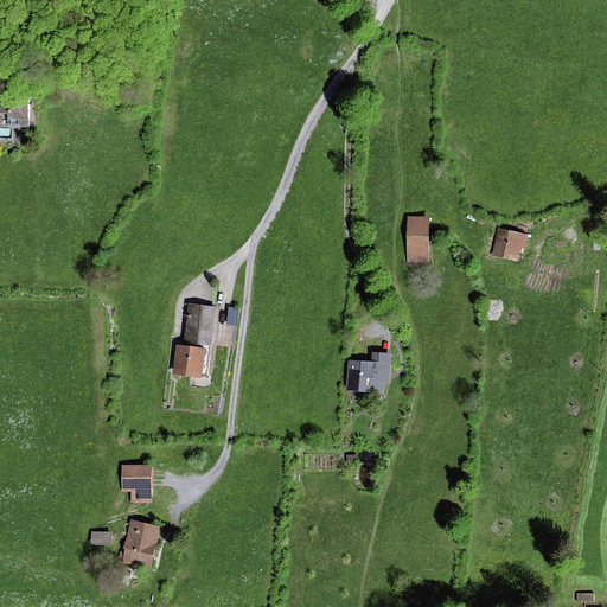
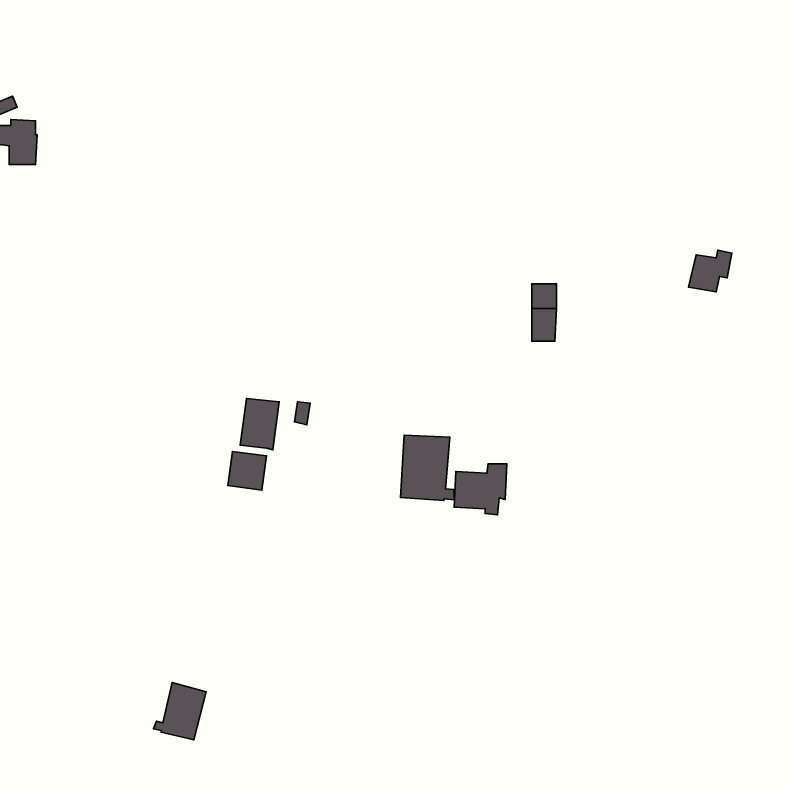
building: [493,225,526,257] -> [688,250,732,292]
building: none -> [400,435,454,501]
building: [122,466,149,496] -> none

